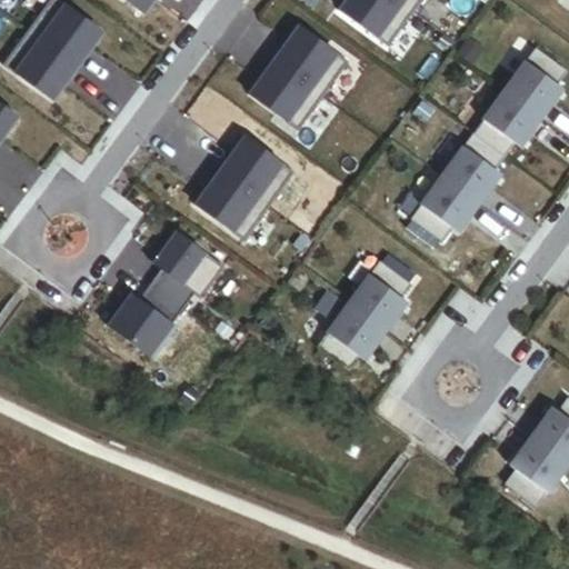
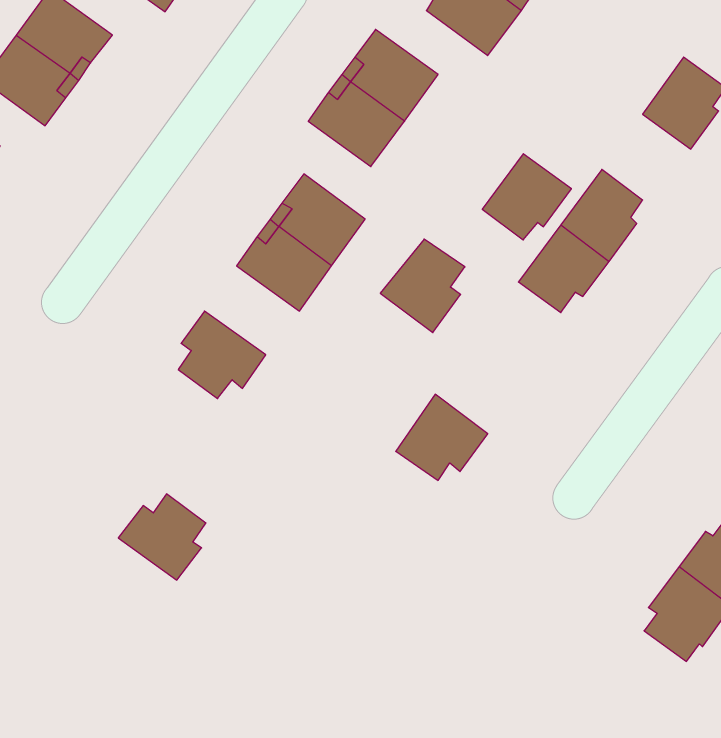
building: [473,88,541,153] -> [482,154,571,240]
building: [347,260,411,331] -> [380,239,465,333]
building: [114,282,181,348] -> [118,494,206,580]

